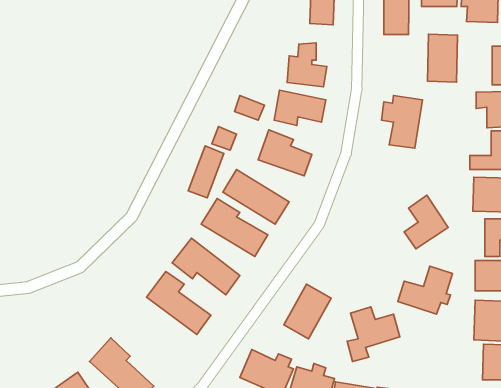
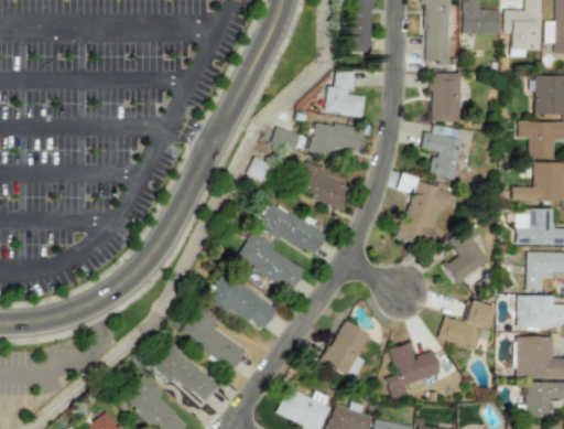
building: [428,34,458,82] -> [431,73,462,122]
building: [188,146,224,198] -> none
building: none -> [399,181,452,248]
building: none -> [153,344,220,404]

